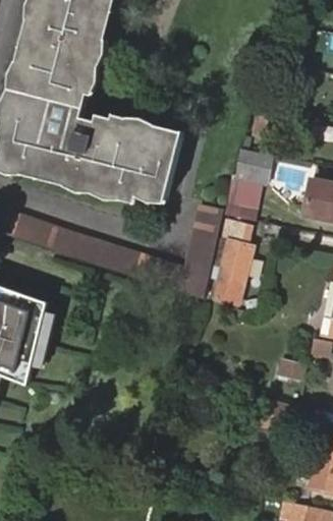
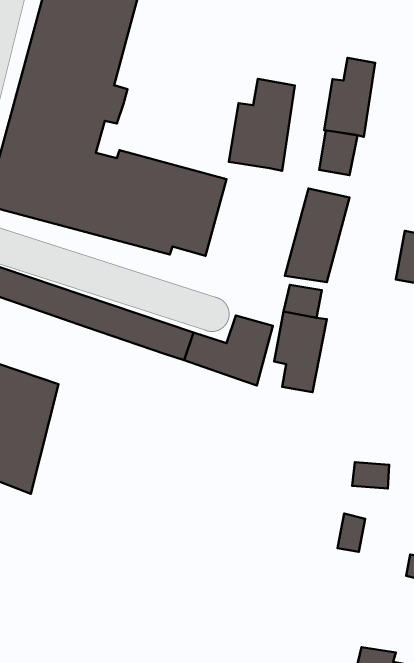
building: none -> [324,58,375,137]
building: none -> [229,79,295,171]
building: [184,208,222,254] -> none

